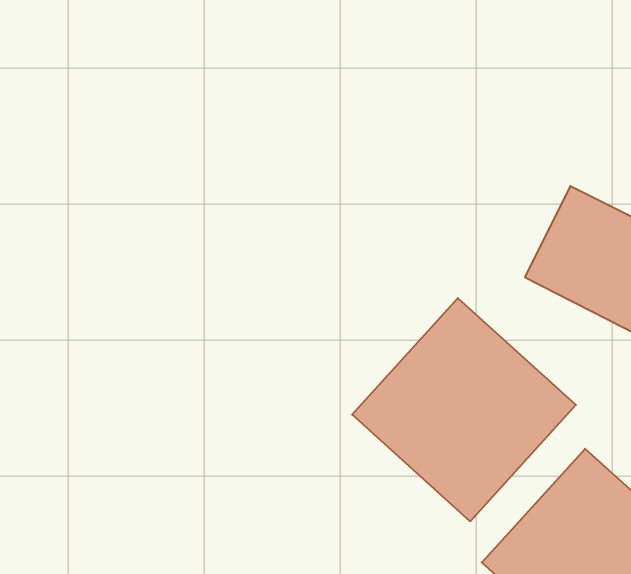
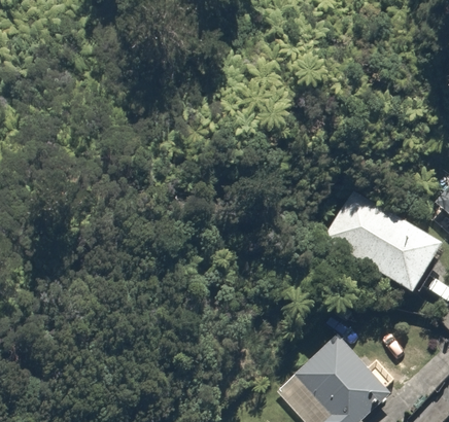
building: [352,298,576,521] -> none

